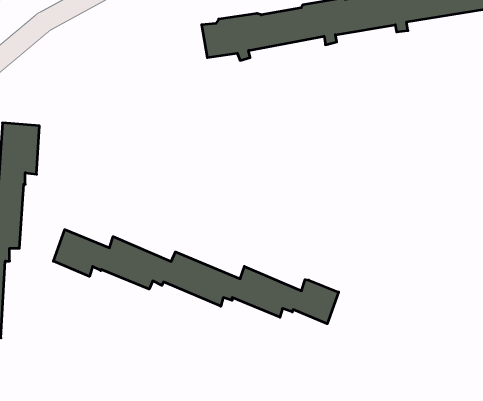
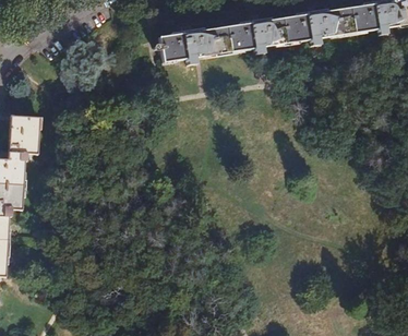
building: [53,230,339,324] -> none

